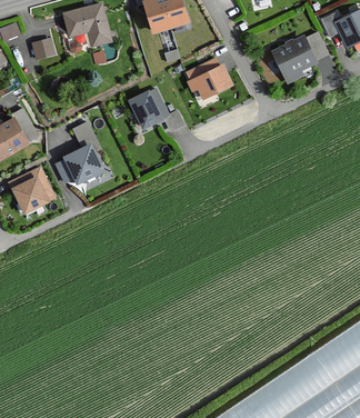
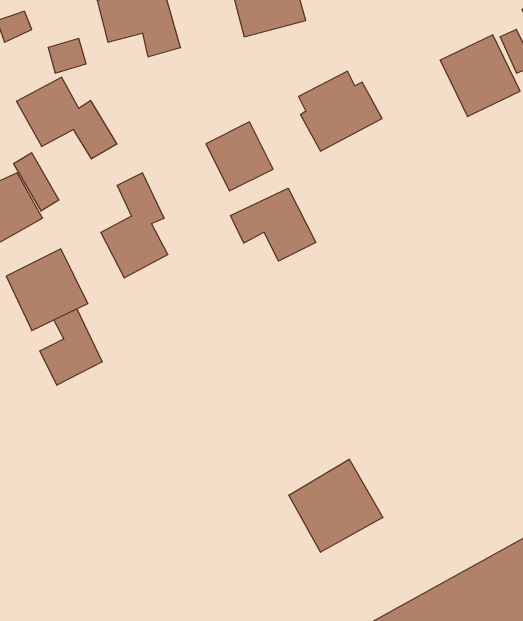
building: none -> [17,77,117,159]
building: none -> [230,188,316,261]
building: none -> [40,309,102,385]
building: none -> [289,459,383,552]

